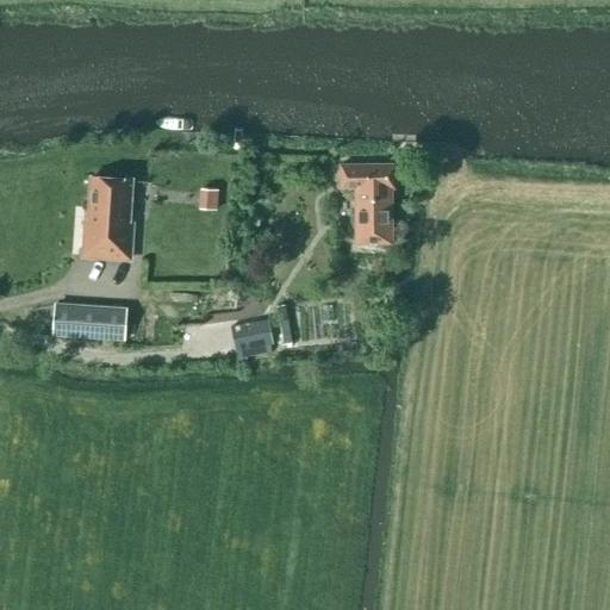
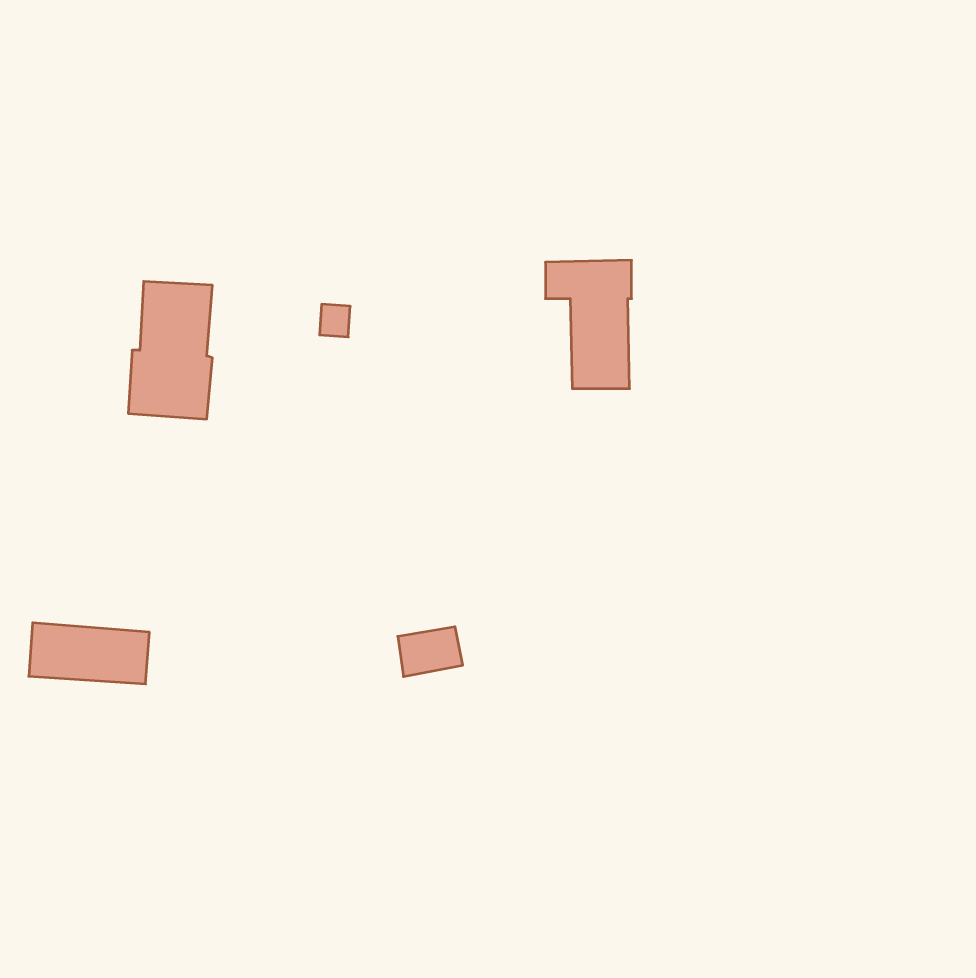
building: [52,303,127,341] -> [29,623,149,684]
building: [232,320,273,351] -> [398,627,463,677]

